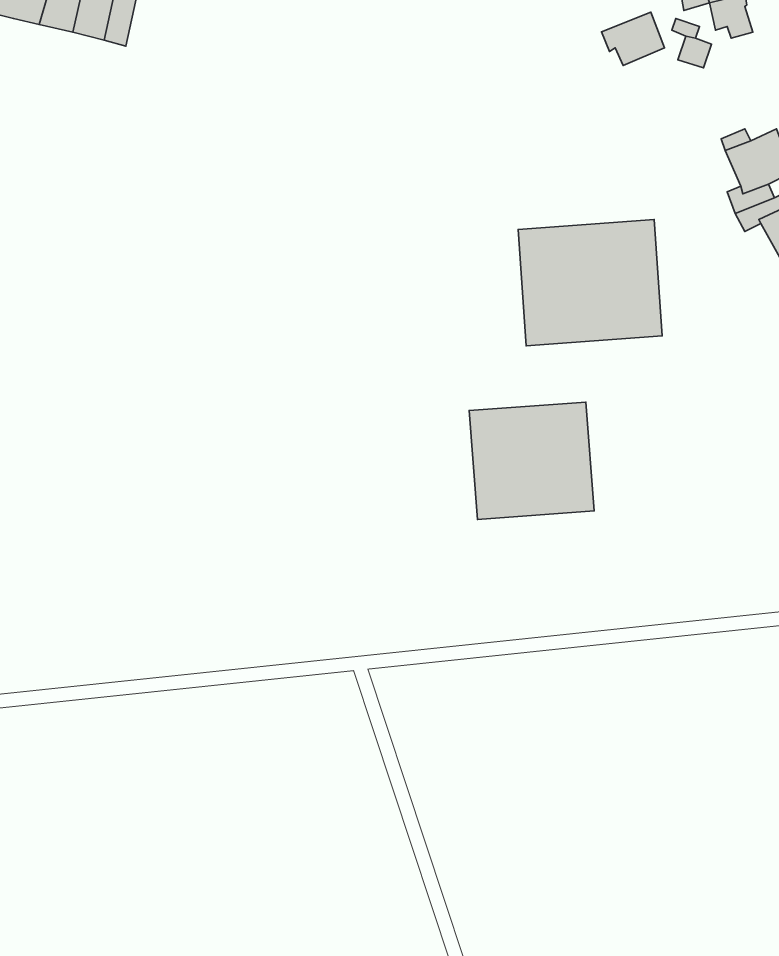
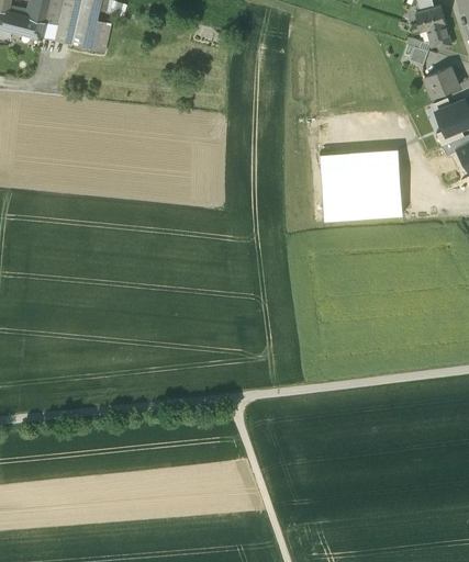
building: [601,12,665,65] -> [424,66,459,95]
building: [469,402,594,519] -> none

